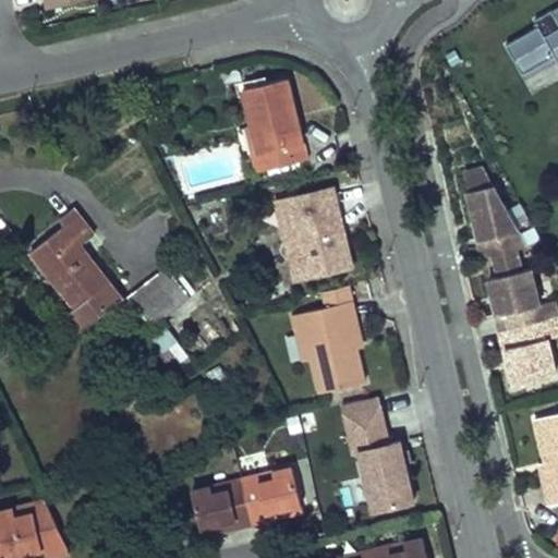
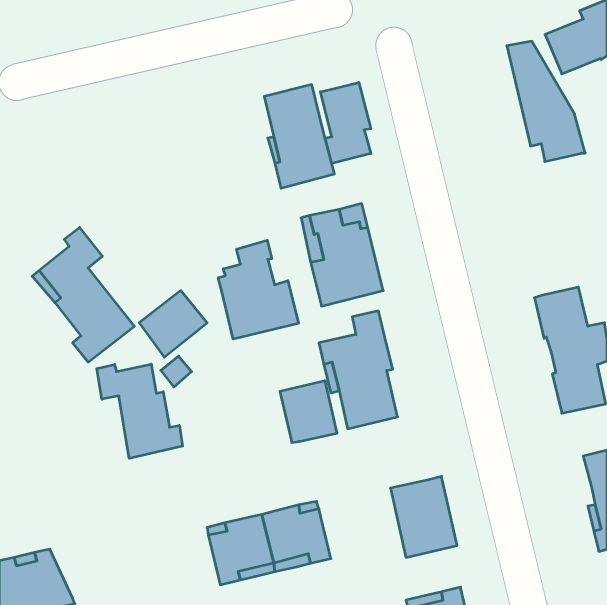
building: none -> [320,82,371,164]
building: [461,163,533,274] -> [507,41,585,162]
building: none -> [218,240,298,339]
building: none -> [97,364,183,458]
building: [340,395,392,451] -> [280,381,337,443]

